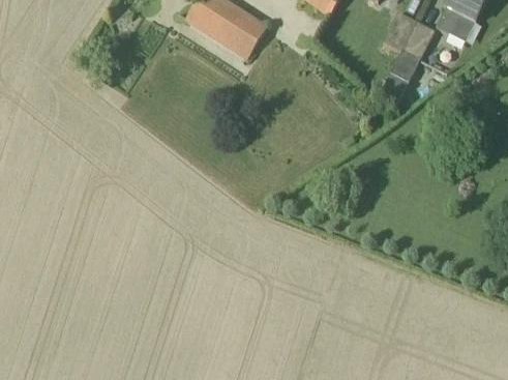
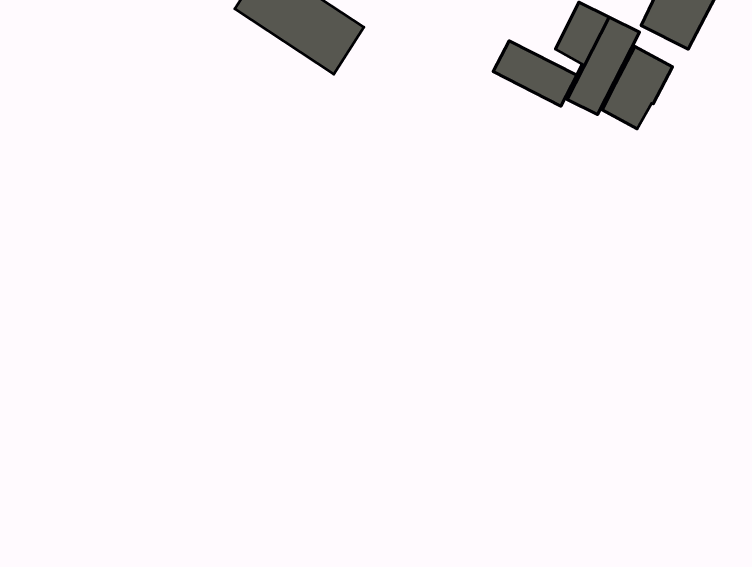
building: none -> [493,41,577,106]
building: none -> [602,46,673,129]

